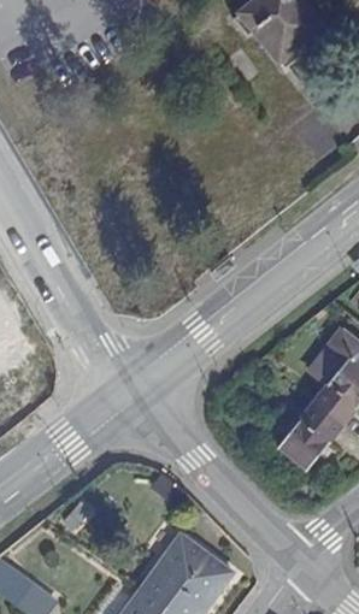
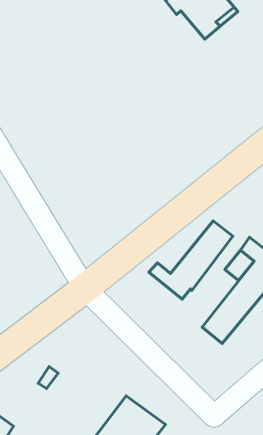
building: none -> [149,221,233,299]

